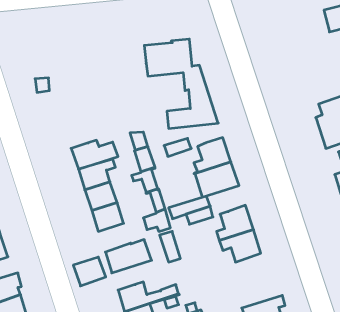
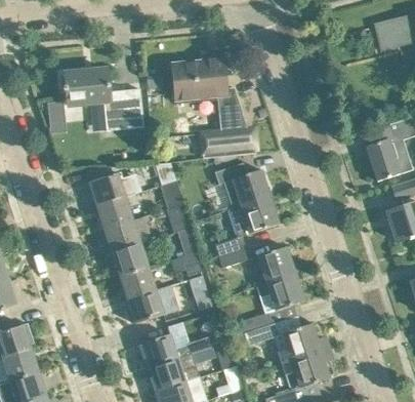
building: none -> [63,69,143,130]
building: [73,257,106,286] -> [119,267,156,299]
building: none -> [243,316,328,363]

